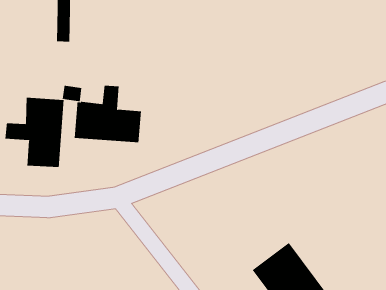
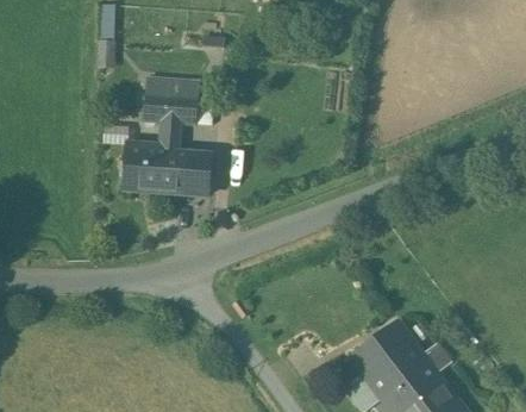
building: none -> [143,77,198,124]
building: [5,97,64,168] -> none

